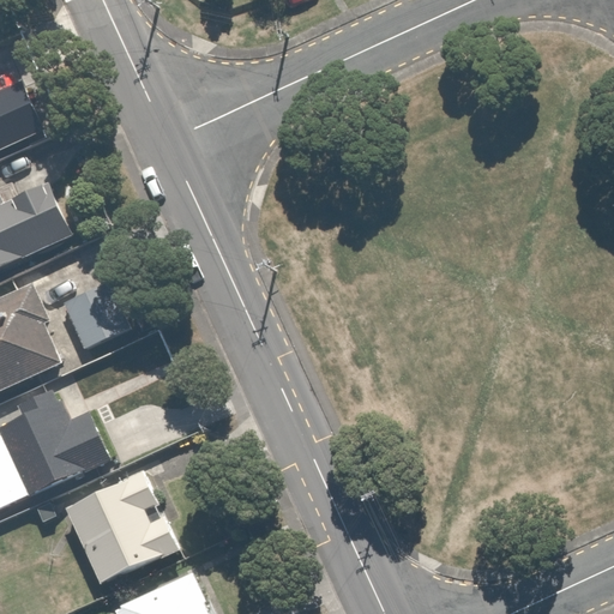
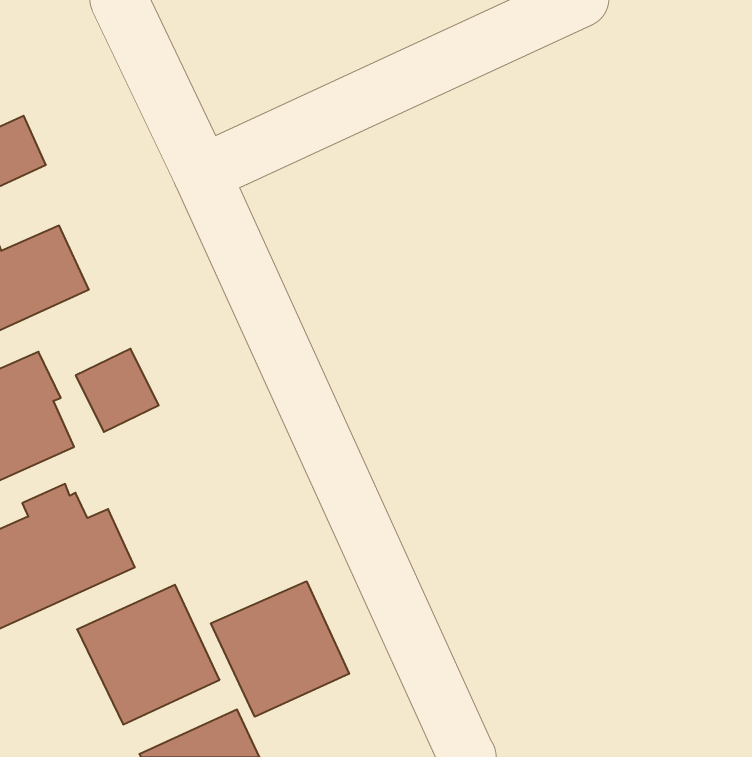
building: none -> [211,581,349,717]

